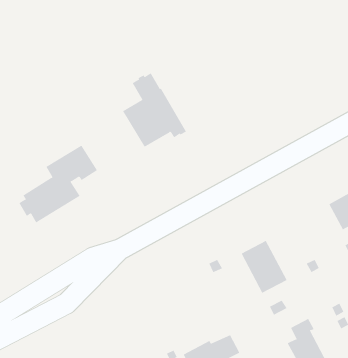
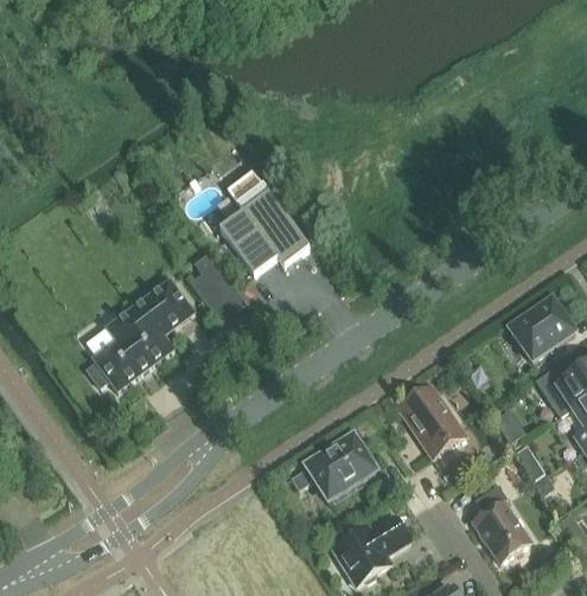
building: none -> [291,434,376,500]

